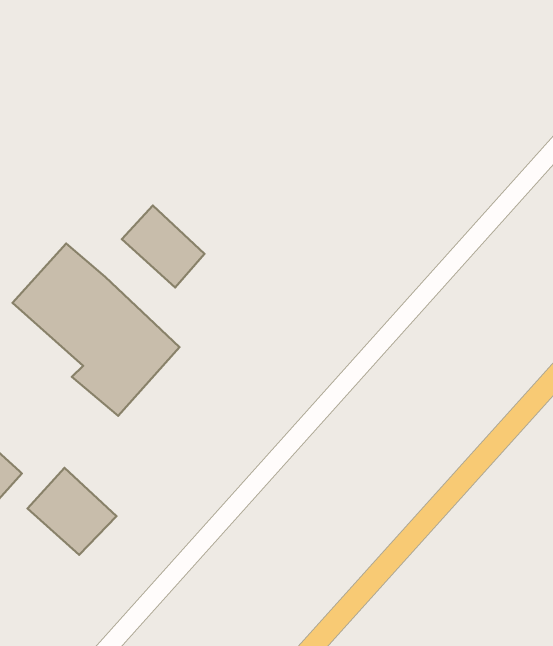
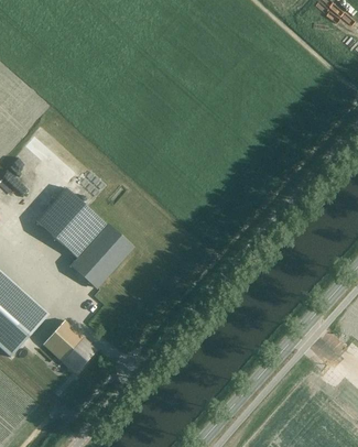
building: [122,206,204,287] -> none

